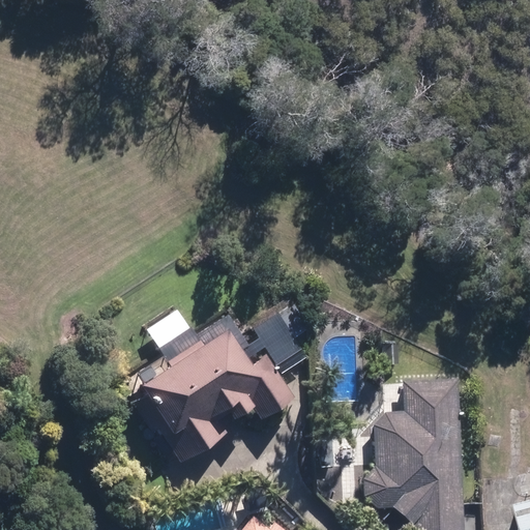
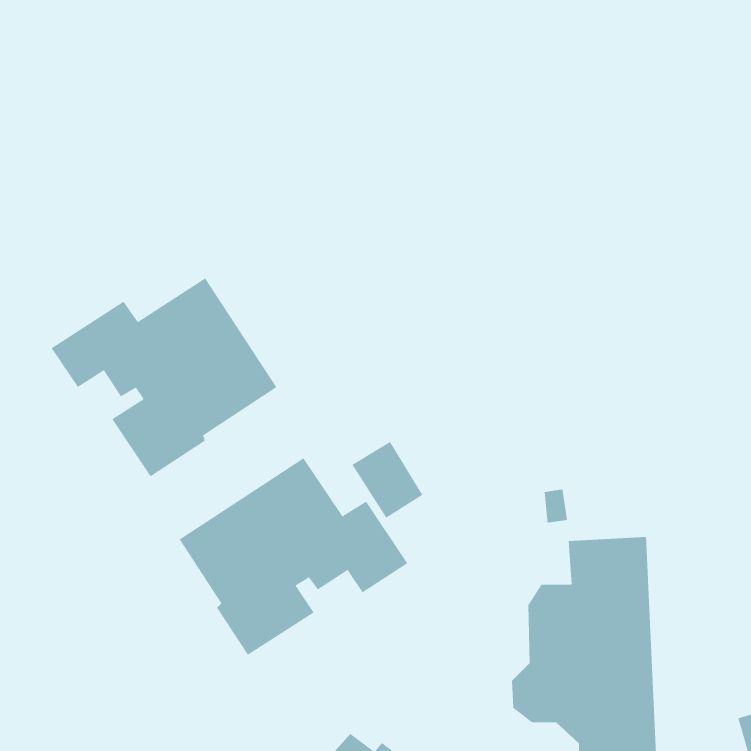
building: none -> [51,278,277,477]

